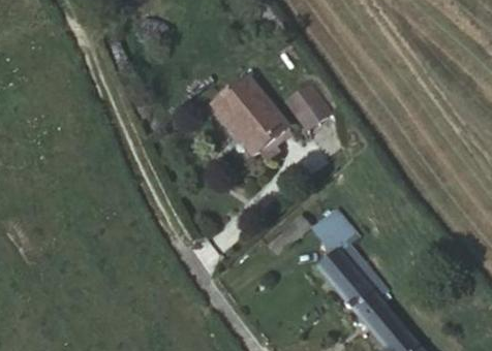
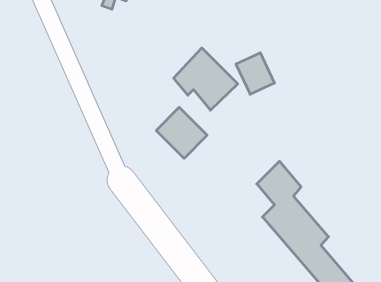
building: none -> [156,107,207,158]

